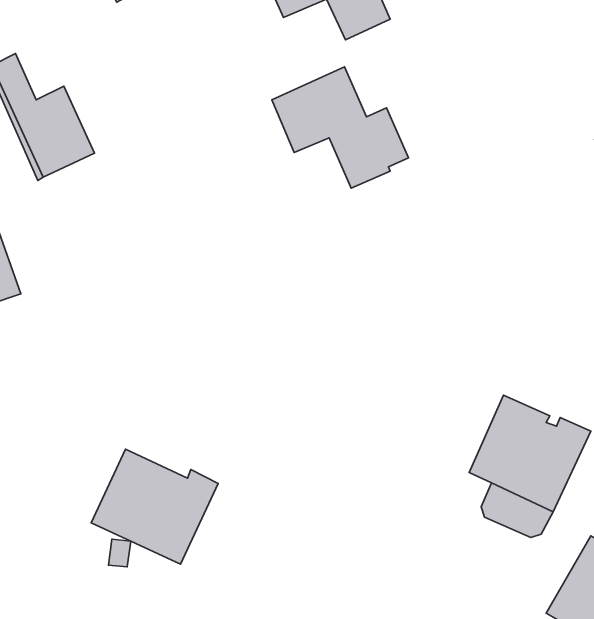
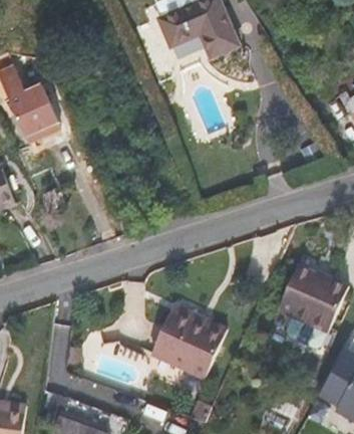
building: [272,67,409,188] -> none
building: [91,449,218,564] -> [151,309,226,377]

